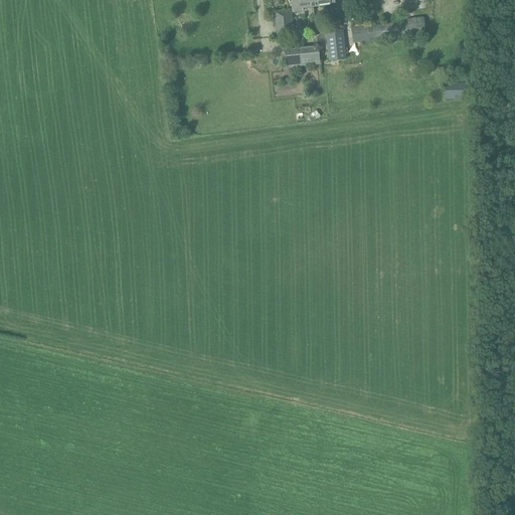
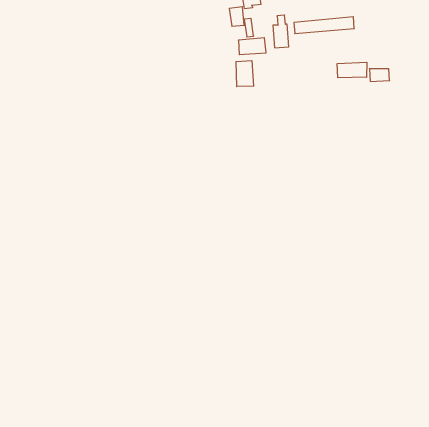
building: none -> [236,61,253,87]
building: none -> [337,62,367,78]

